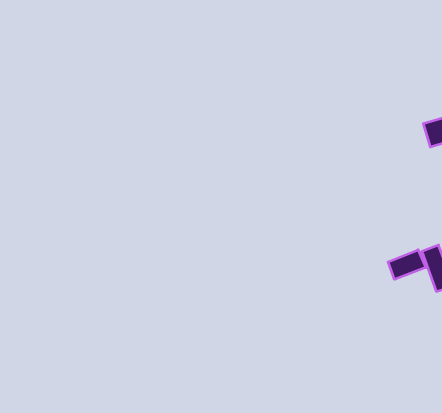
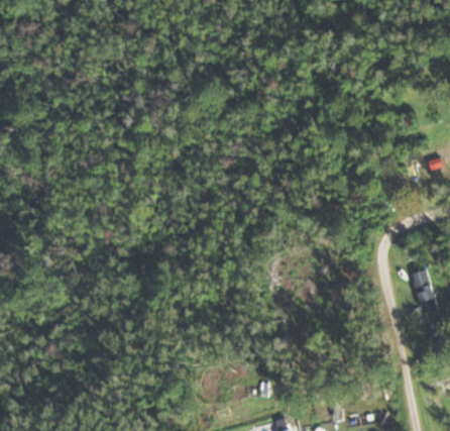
building: [388,250,426,279] -> none

